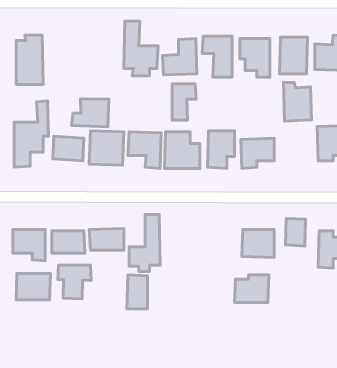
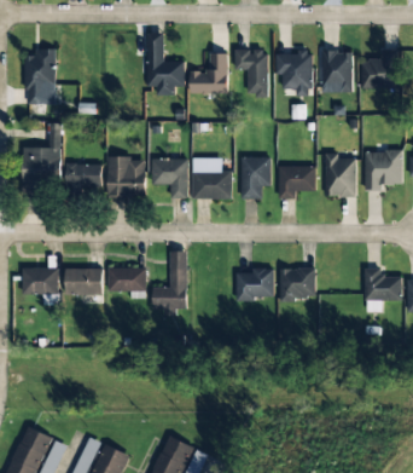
building: [284,82,311,121] -> [325,152,356,196]
building: [172,84,196,120] -> none
building: [72,99,109,127] -> none
building: [285,219,306,246] -> none
building: [58,265,91,299] -> none
building: [16,274,50,300] -> none
building: [234,275,269,303] -> [235,267,274,299]
building: [127,275,147,309] -> none

